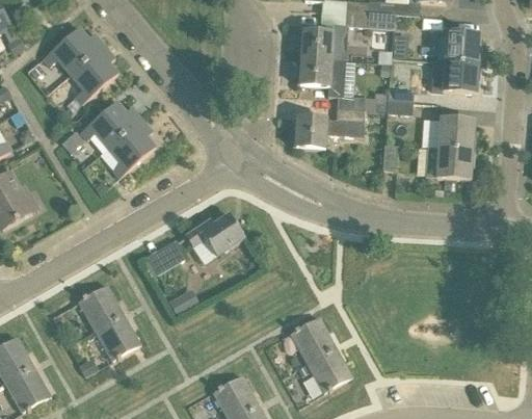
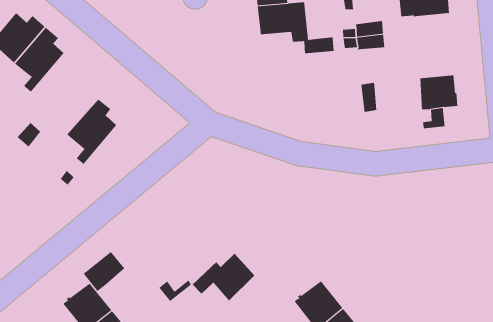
building: [81,101,141,147] -> none
building: [293,108,365,149] -> none
building: [438,117,474,150] -> none
building: [185,213,244,257] -> [192,253,255,301]
building: [147,239,186,274] -> [83,251,125,292]

